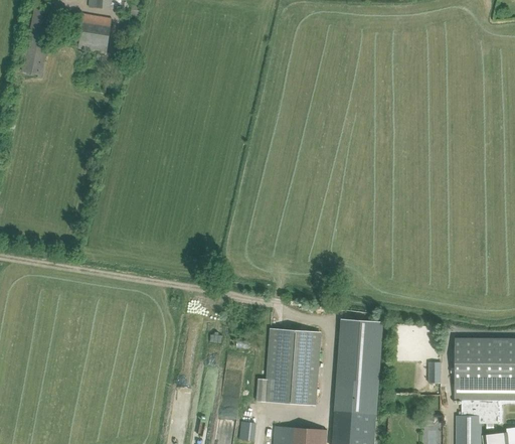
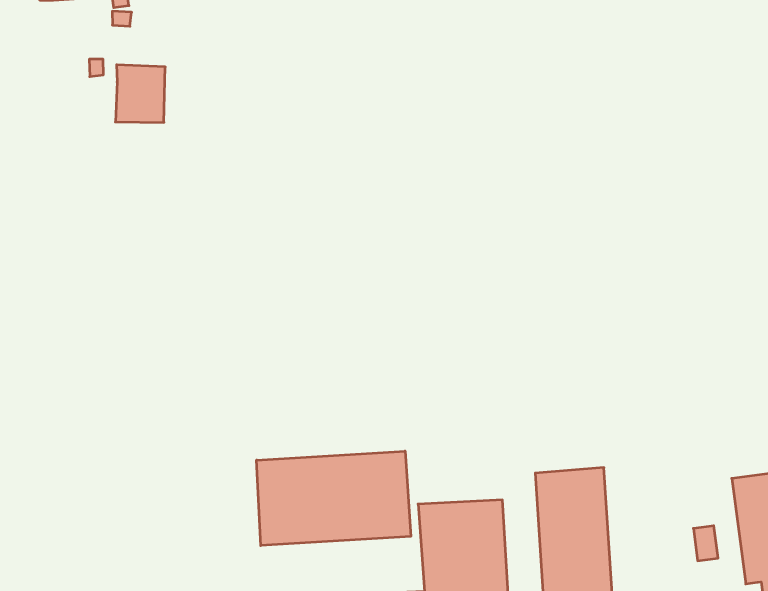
building: [78,13,112,50] -> [115,65,165,122]
building: none -> [257,451,411,546]

